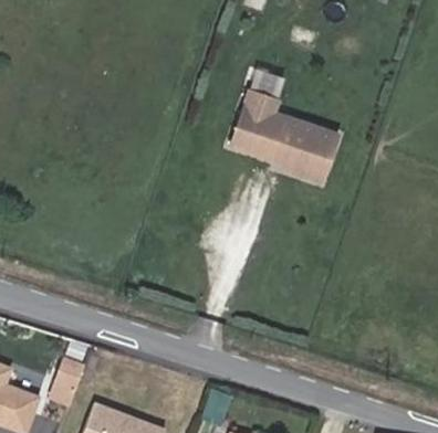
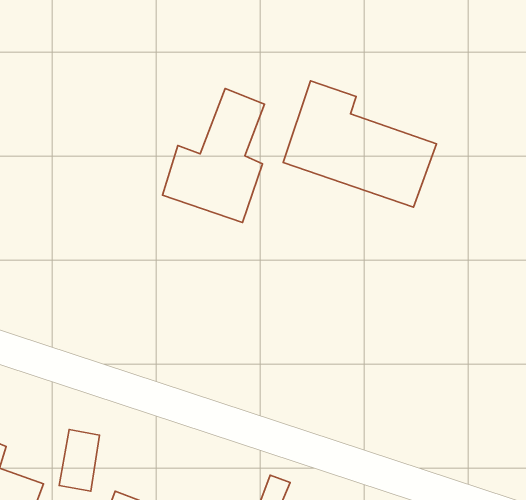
building: none -> [163,89,264,223]

